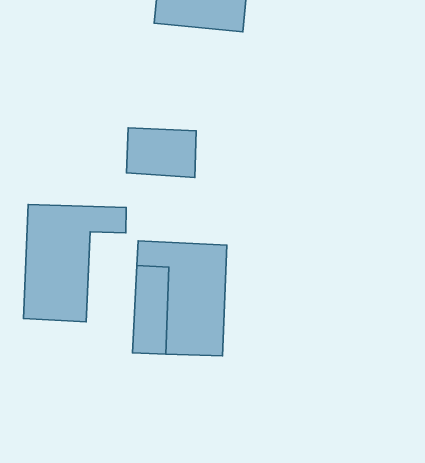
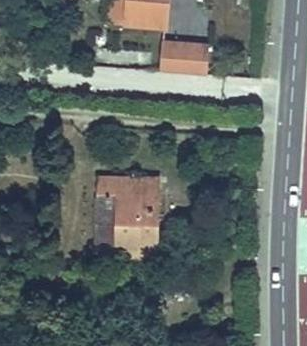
building: [127,128,196,177] -> [161,41,209,75]
building: [24,204,126,322] -> none

